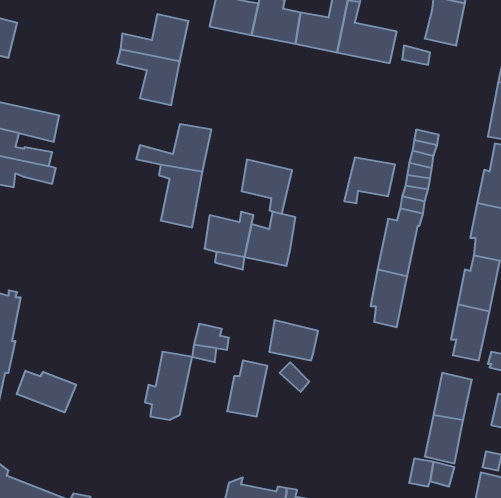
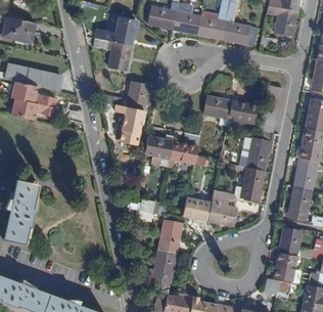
building: [241,160,292,214] -> [203,95,233,127]
building: none -> [207,189,235,225]
building: [145,352,192,420] -> [148,250,176,289]
building: [17,371,76,412] -> none

